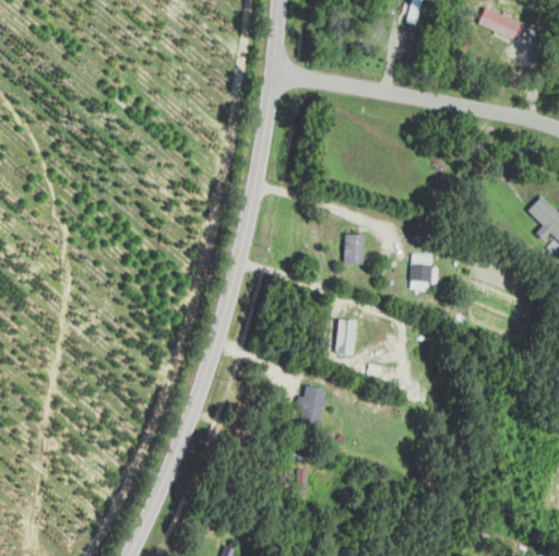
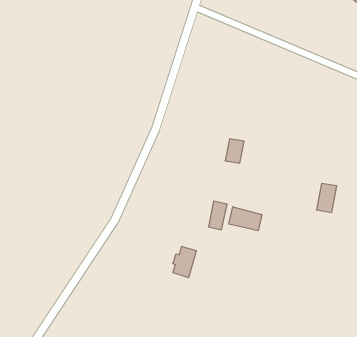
building: [411,253,432,289] -> [316,183,337,212]
building: none -> [229,207,262,231]

